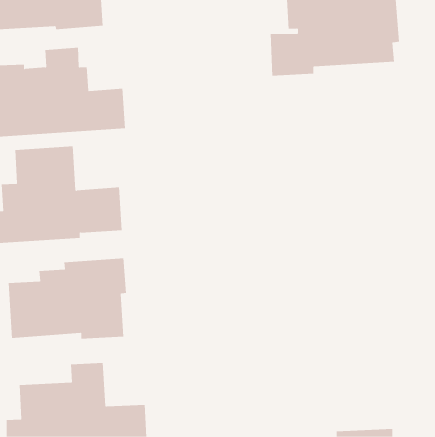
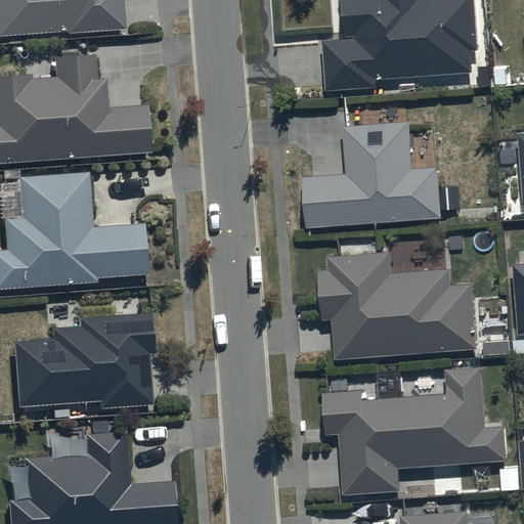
building: none -> [305,121,442,227]
building: none -> [318,253,476,359]
building: none -> [324,367,507,493]

